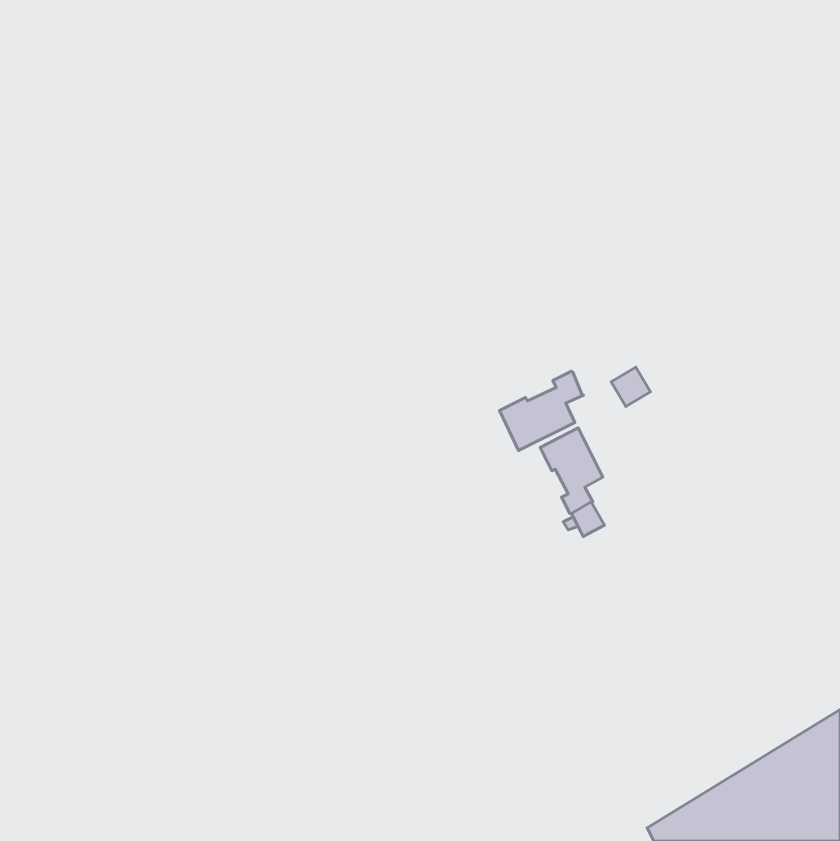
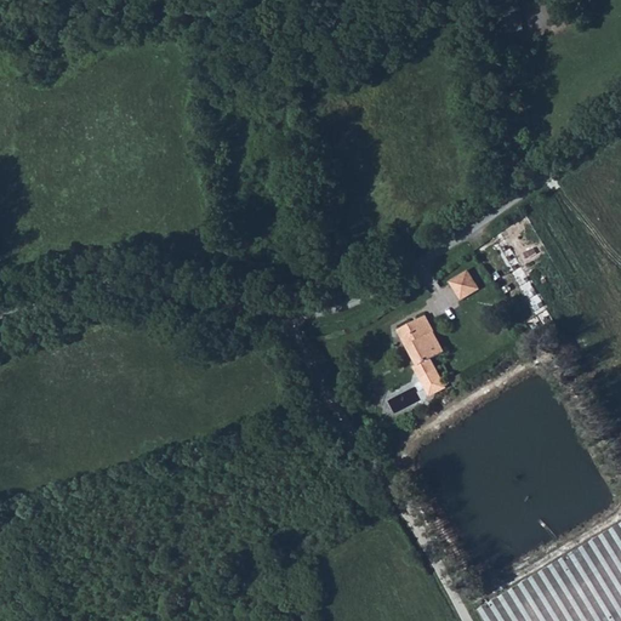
building: [500,371,583,451] -> none

